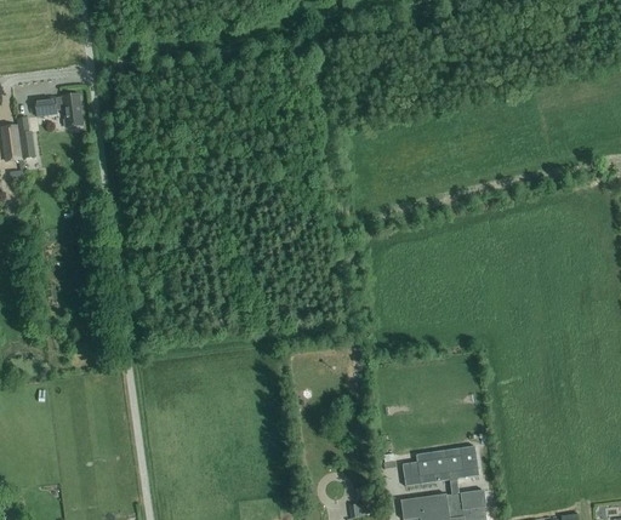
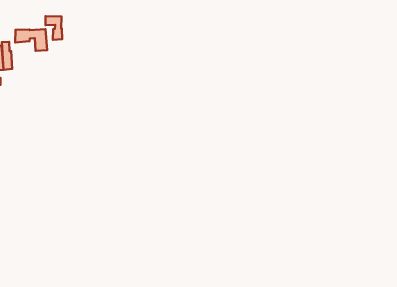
building: none -> [45,16,62,40]

